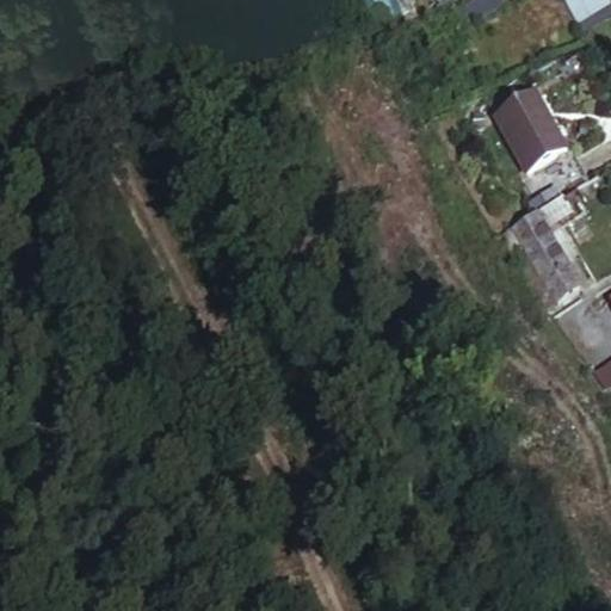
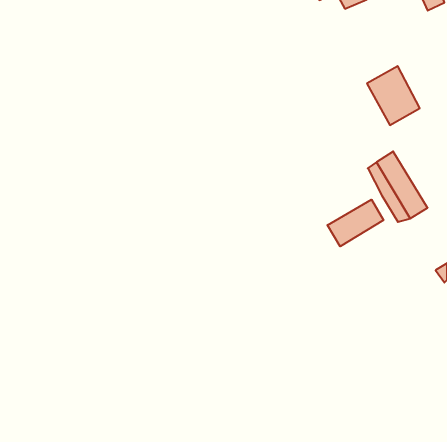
building: none -> [327,200,383,246]

